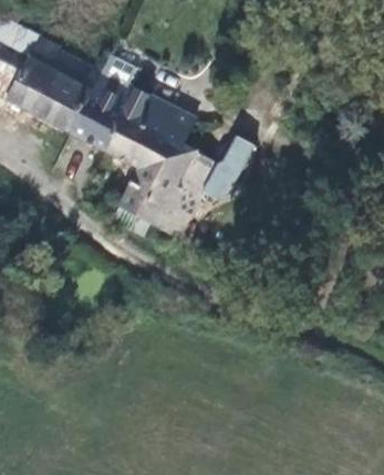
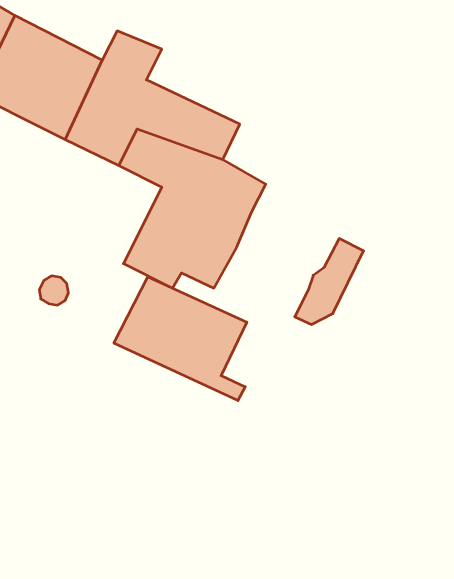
building: [206,126,256,188] -> [295,239,364,324]
building: none -> [114,277,247,401]

